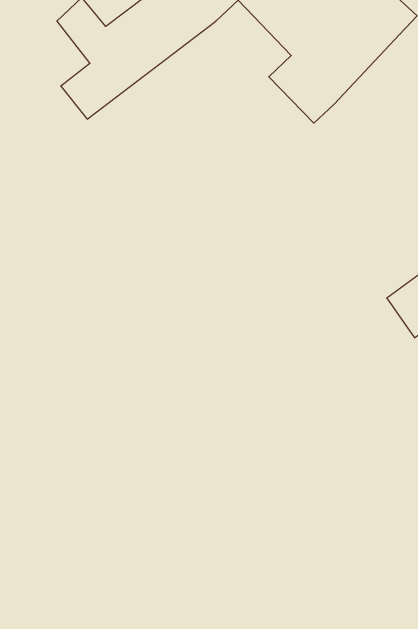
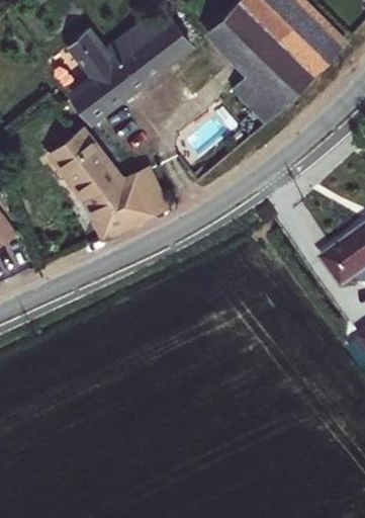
building: none -> [51,132,169,239]

